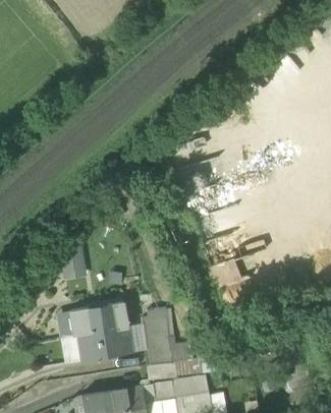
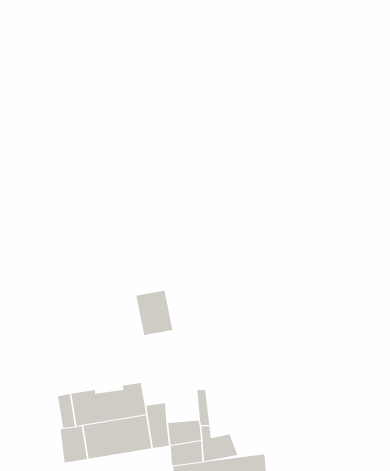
building: [58,247,87,282] -> [136,290,173,336]
building: [142,309,167,335] -> none

